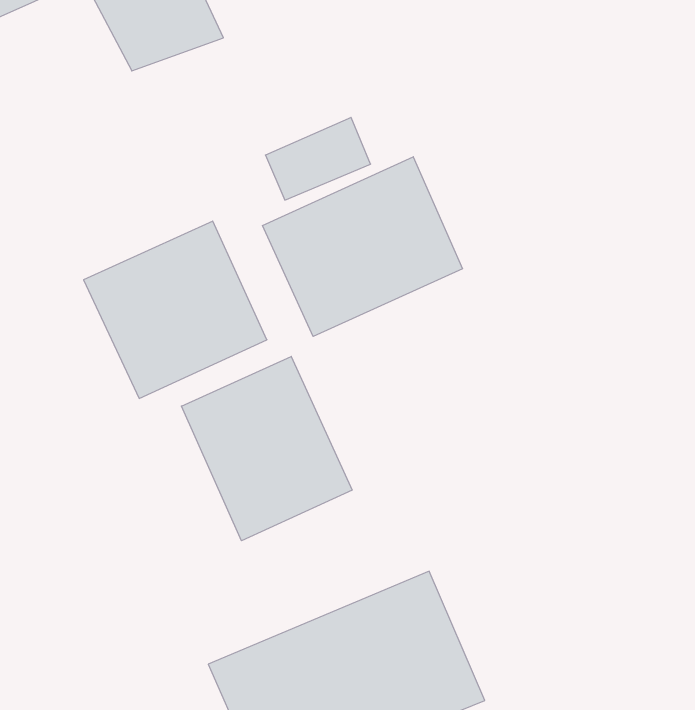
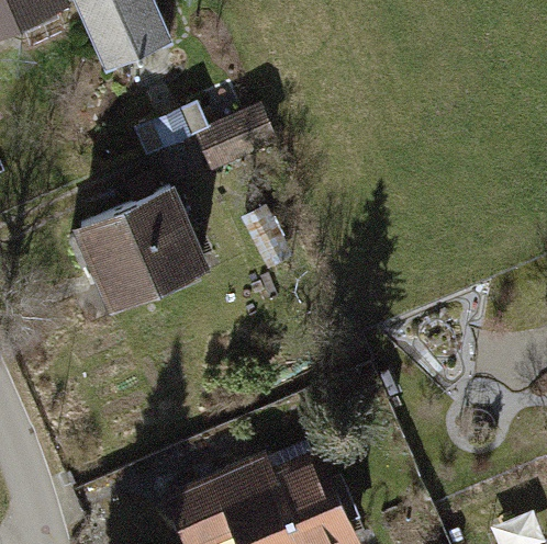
building: [263,157,463,336] -> none
building: [181,356,352,541] -> none

